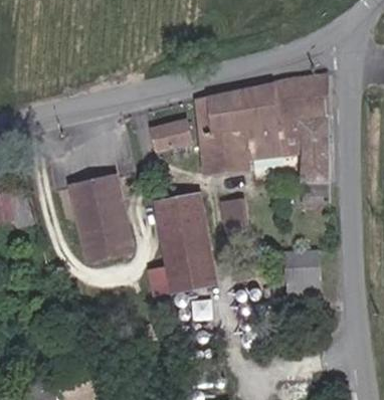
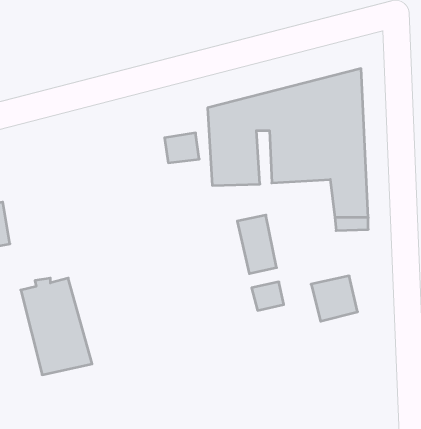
building: [76,173,137,254] -> [21,278,92,375]
building: [148,191,217,296] -> none

